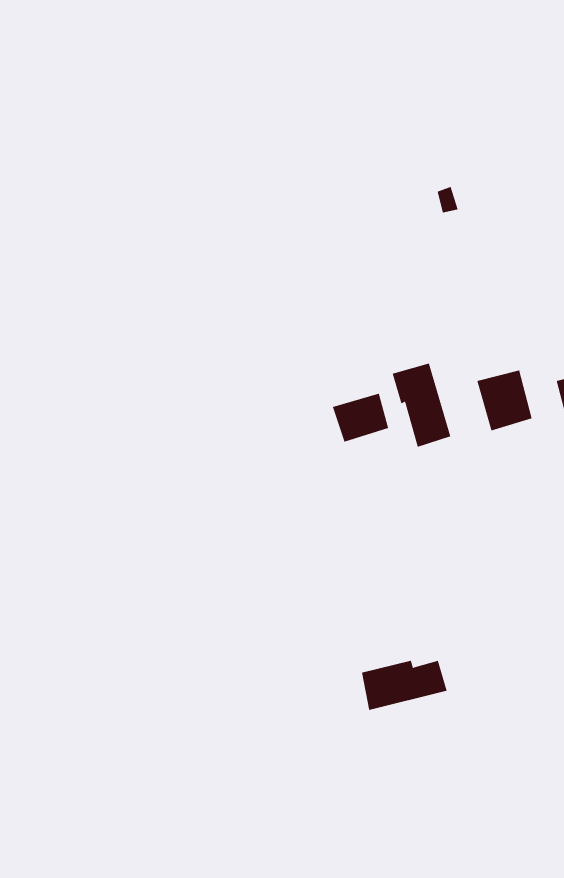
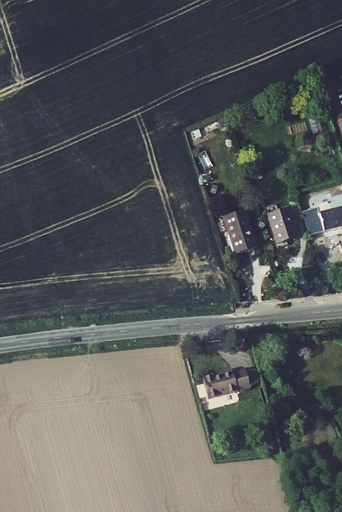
building: [332,393,389,443] -> none

